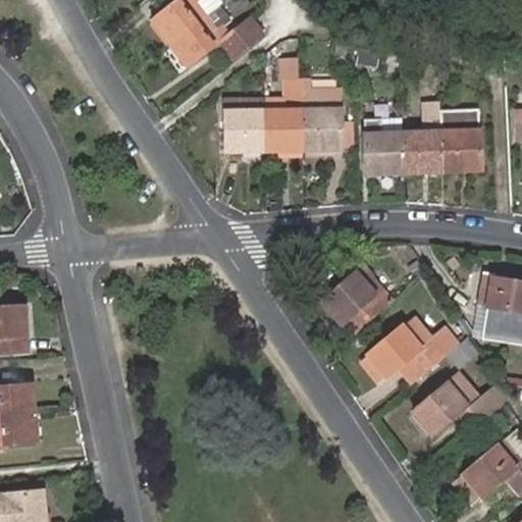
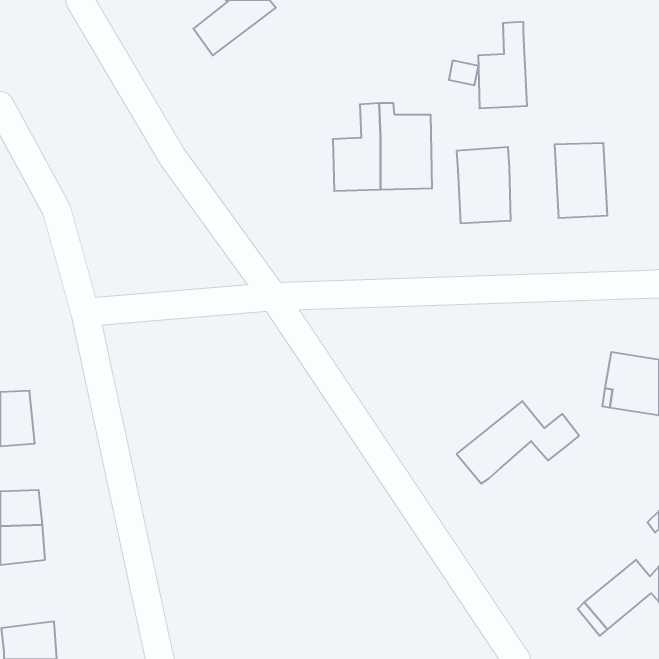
building: [168,6,263,66] -> none
building: [225,99,264,152] -> none
building: [403,106,441,174] -> [478,22,527,108]
building: [320,261,389,335] -> none
building: [412,336,508,434] -> none

